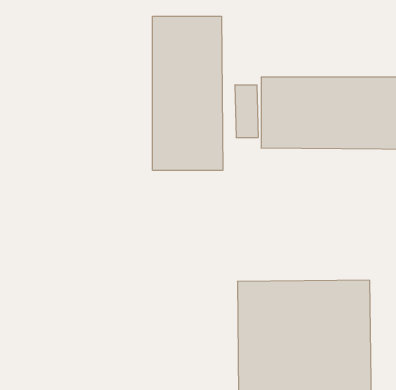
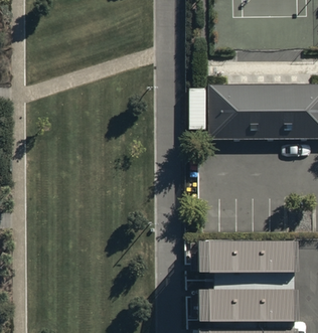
building: [153,16,223,170] -> none

